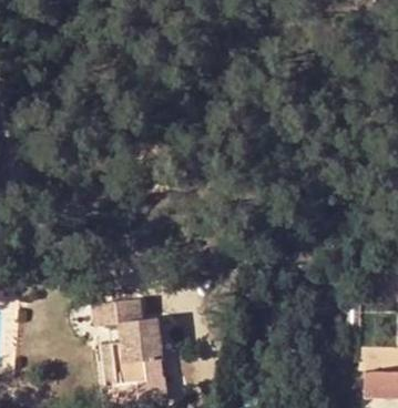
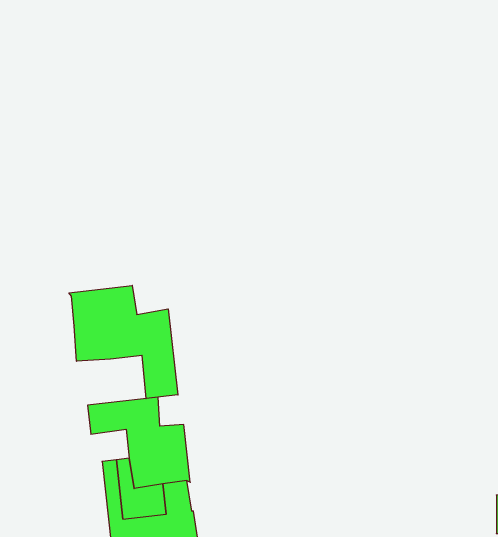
building: none -> [69,285,178,399]

